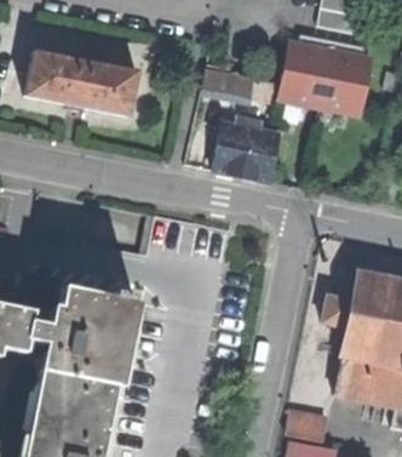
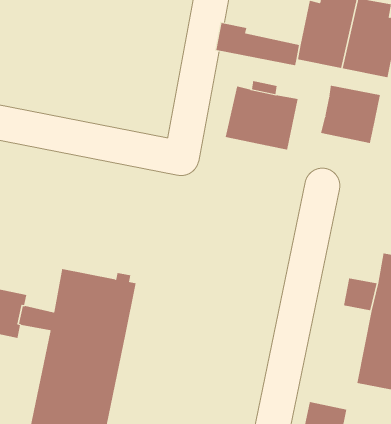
building: [27,51,139,115] -> none
building: none -> [321,85,380,144]

